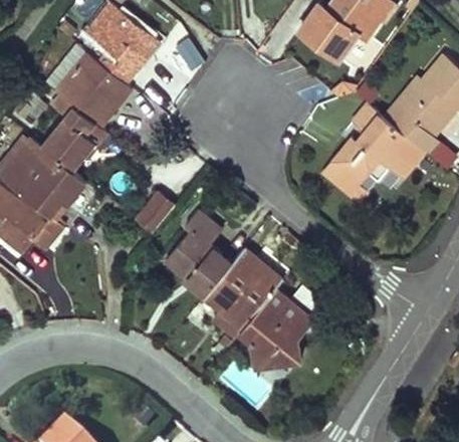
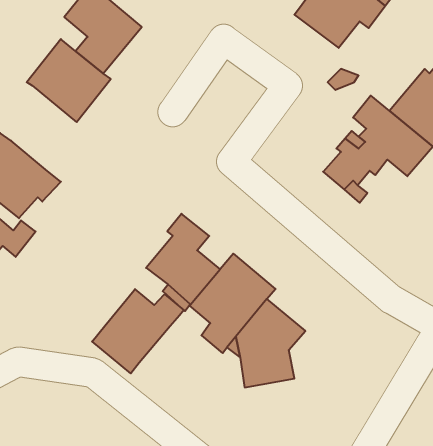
building: [42,94,108,171] -> none
building: [135,192,174,233] -> none
building: none -> [92,289,184,373]

